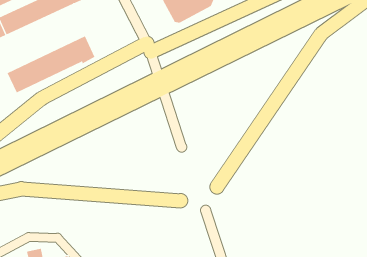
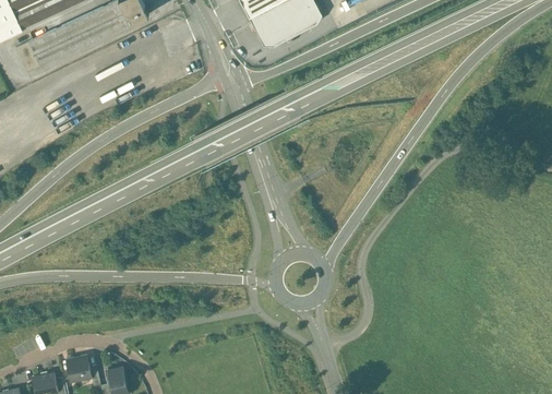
building: [7,36,95,93] -> none

